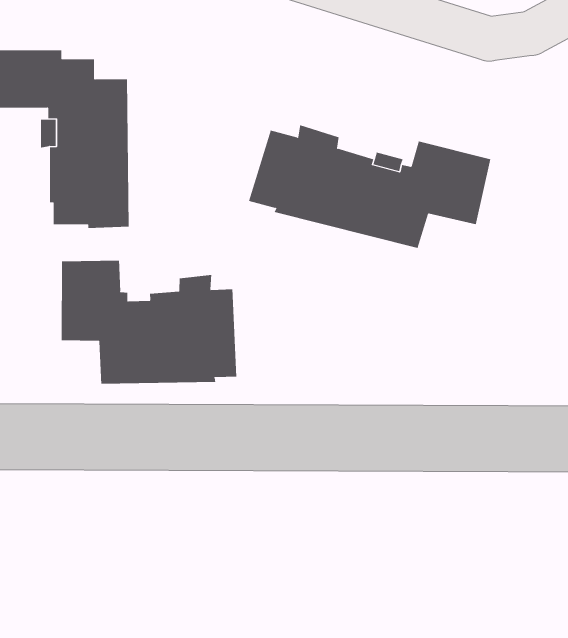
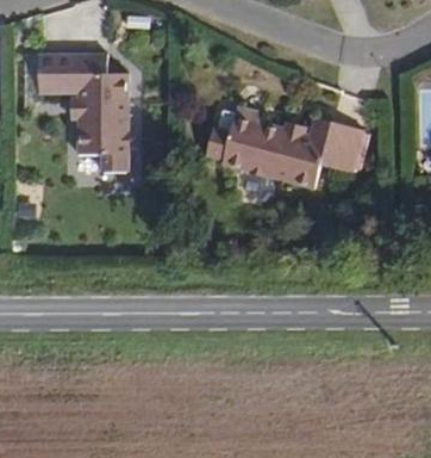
building: [61,260,237,385] -> none

